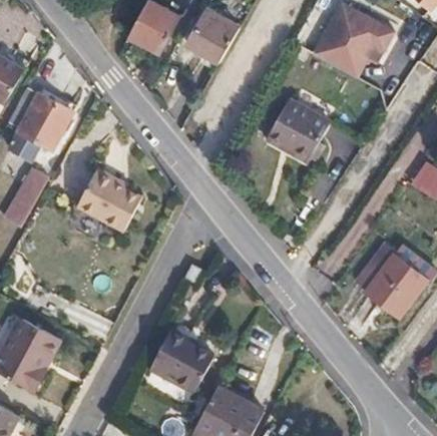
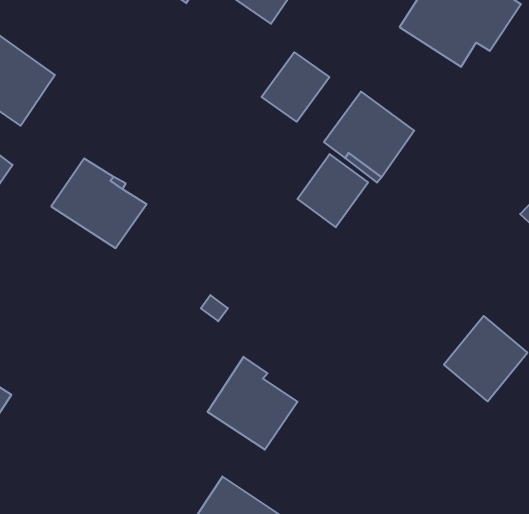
building: none -> [262,52,329,122]
building: none -> [297,154,368,227]
building: [149,325,212,389] -> [207,357,298,450]

